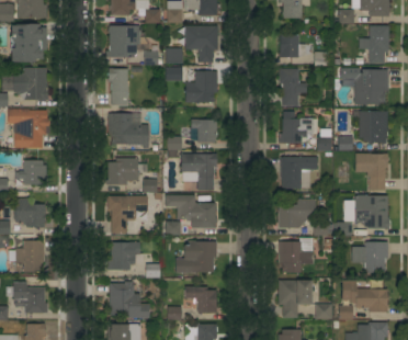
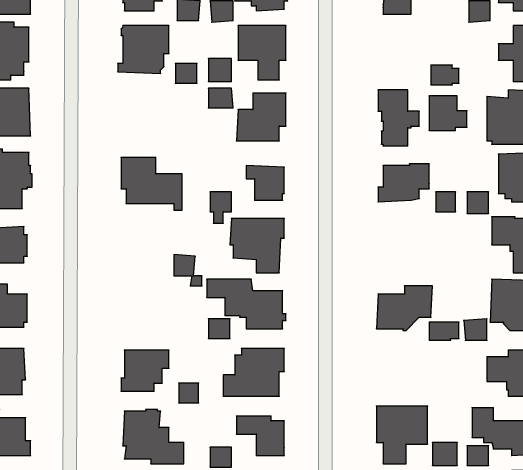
building: [280,35,305,58] -> [429,96,467,130]
building: [106,68,127,105] -> none
building: [281,157,316,189] -> none
building: [105,158,141,185] -> none
building: [107,196,147,234] -> none
building: [279,238,313,273] -> none

